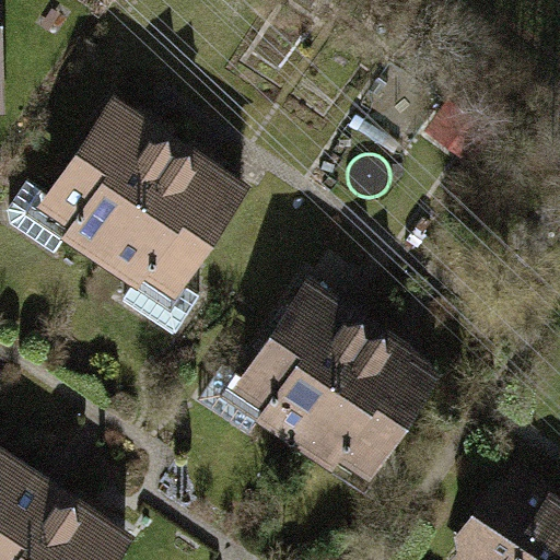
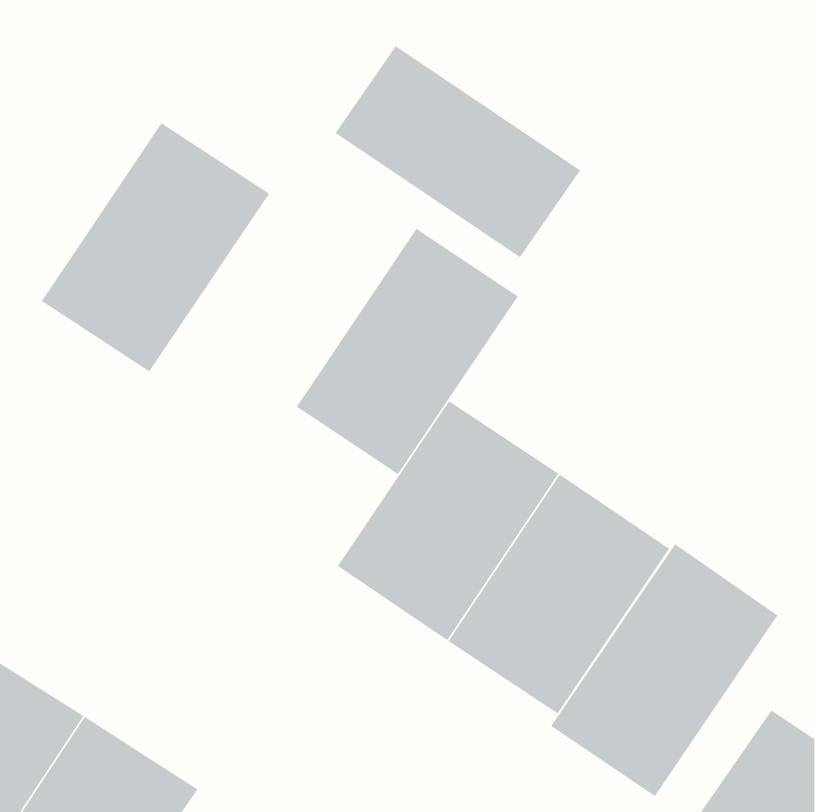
building: none -> [334,45,581,258]
building: [101,143,250,310] -> [296,228,519,475]
building: none -> [550,543,778,797]

